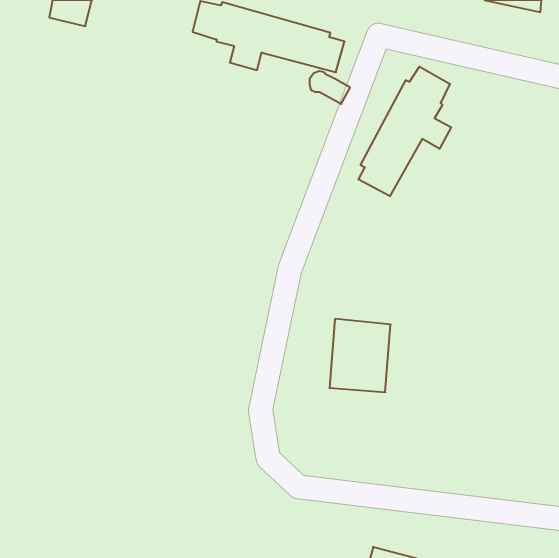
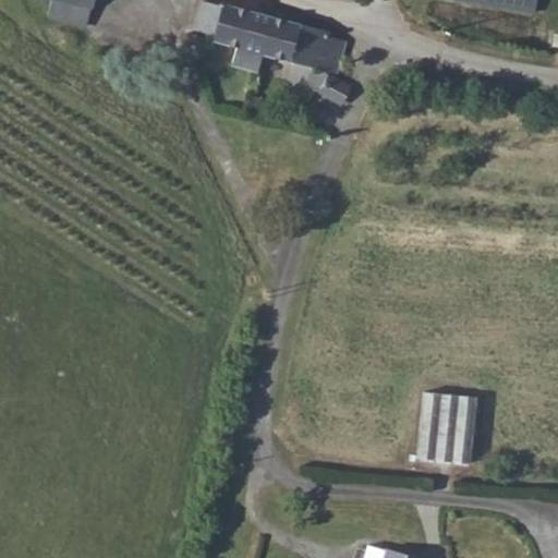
building: [359,67,451,196] -> none
building: [329,319,391,392] -> [417,389,478,462]

